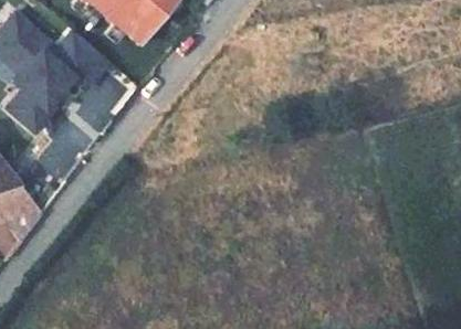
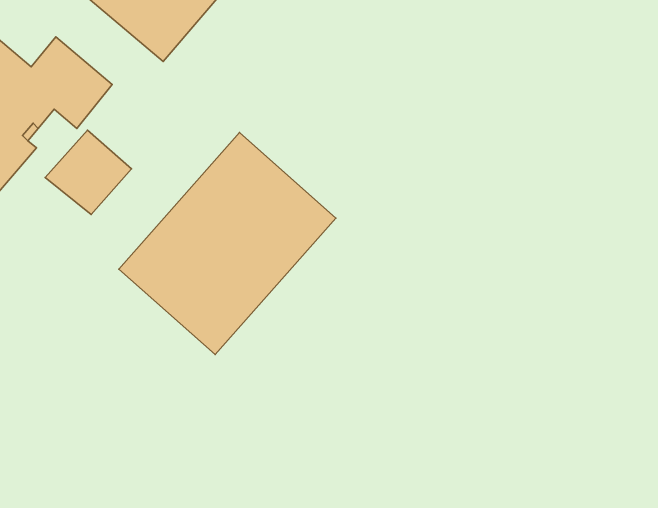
building: none -> [119,133,336,354]

